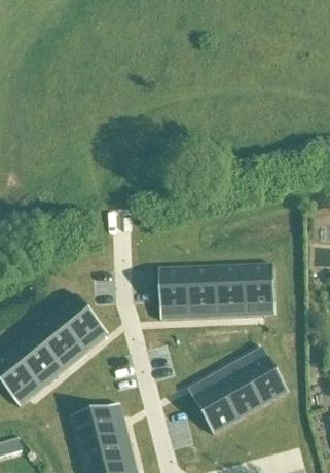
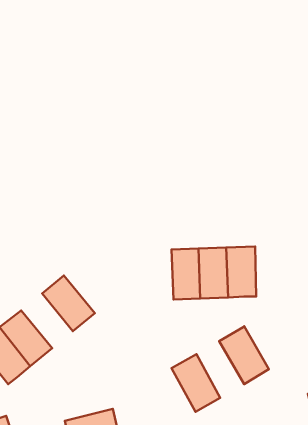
building: [157,266,189,319] -> none
building: [32,312,85,368] -> none
building: [213,361,262,420] -> none
building: [70,402,126,443] -> none

